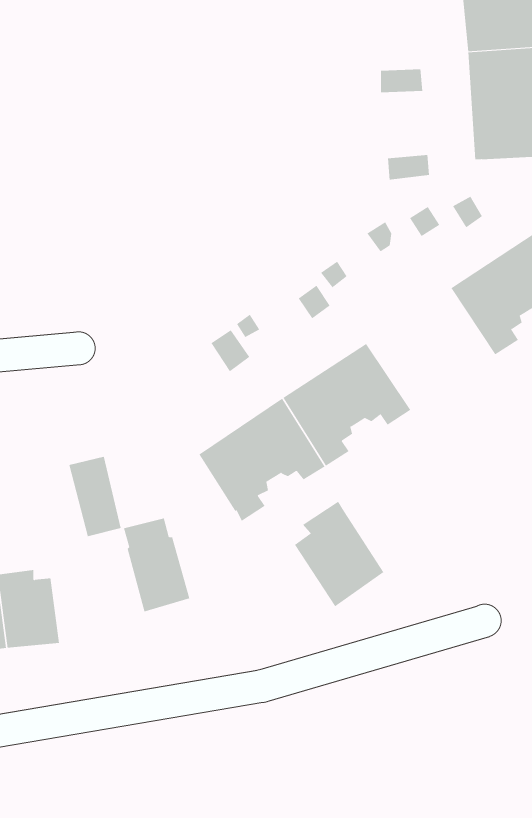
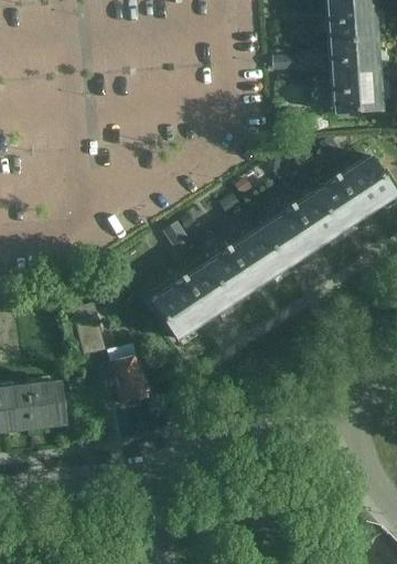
building: none -> [262,195,345,273]
building: [294,501,384,607] -> none

